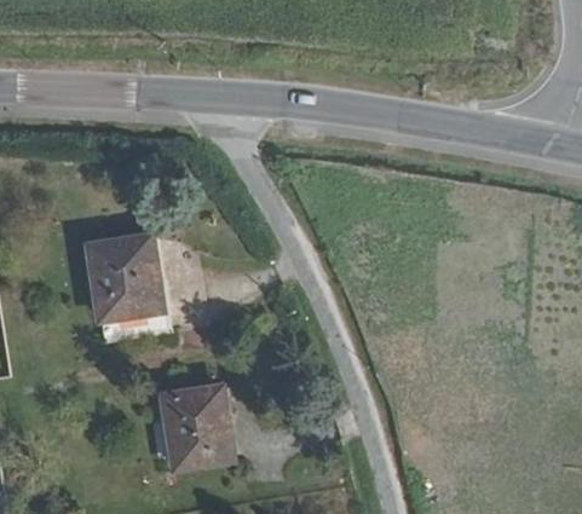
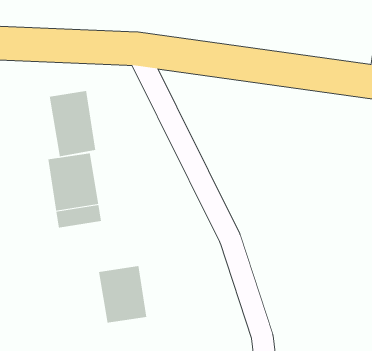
building: none -> [49,90,96,157]

